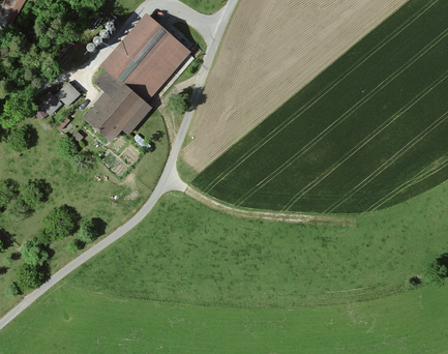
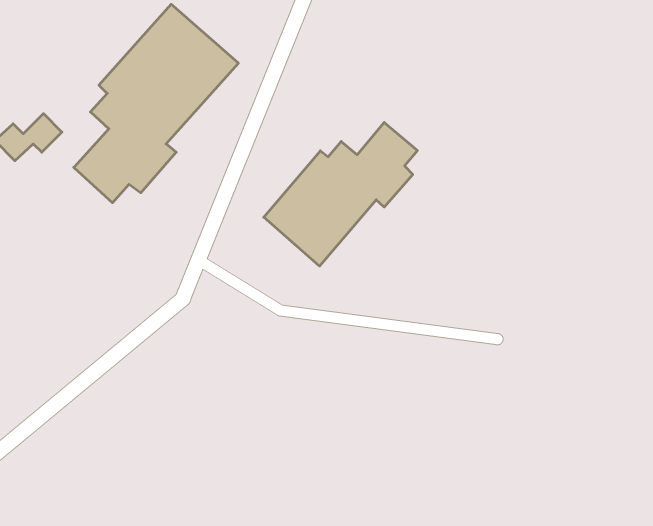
building: none -> [264,122,417,266]

